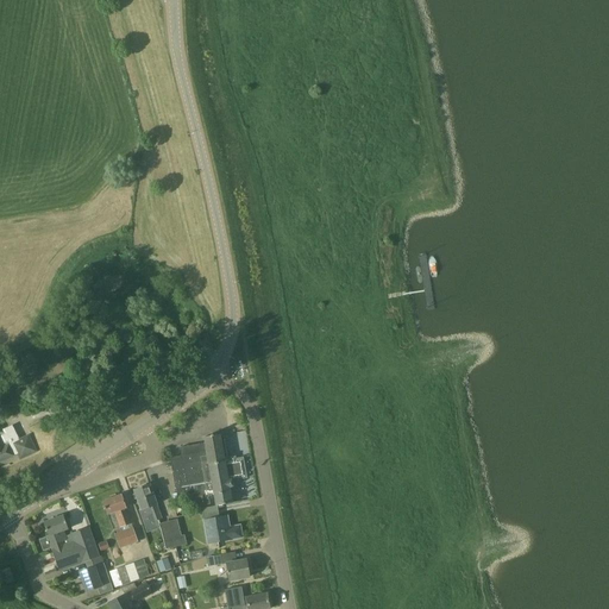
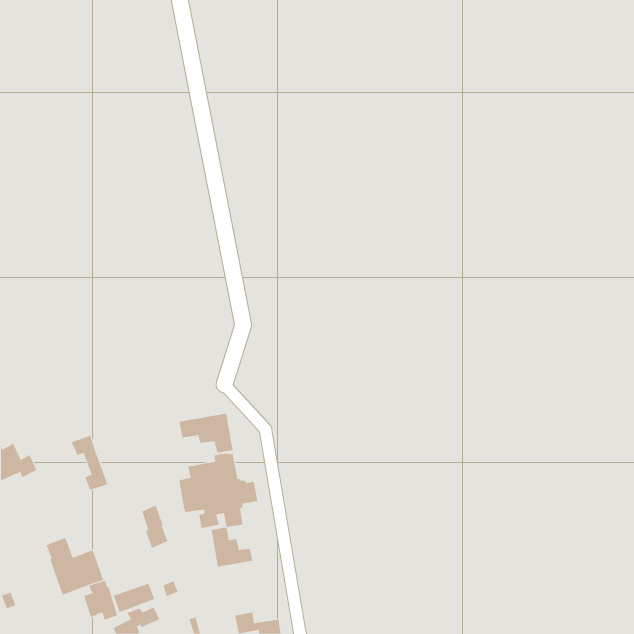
building: none -> [179,413,233,453]
building: [102,494,138,547] -> [71,435,108,491]
building: [159,519,188,550] -> none
building: [207,552,250,580] -> none

